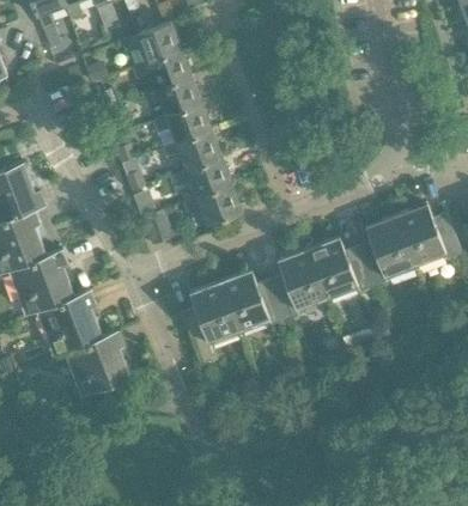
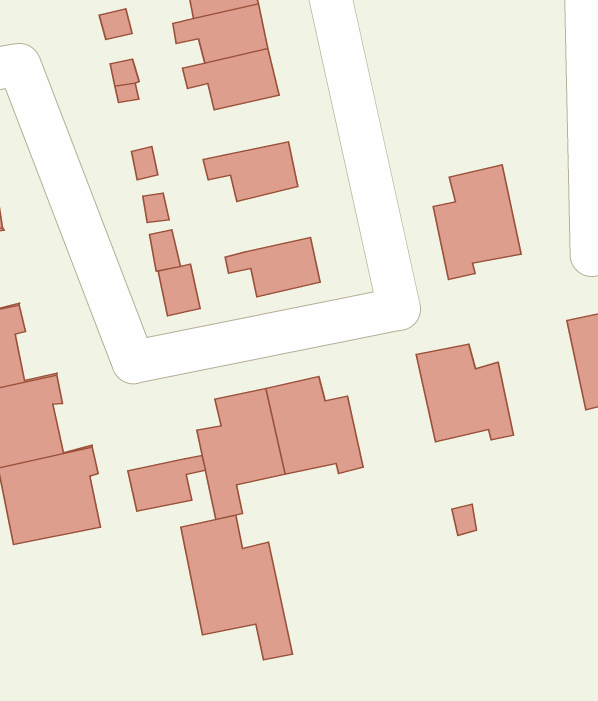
building: [153,102,213,142] -> none
building: [174,156,235,200] -> none
building: [359,214,417,288] -> [433,165,521,280]
building: [271,248,328,321] -> none
building: none -> [128,455,205,511]
building: none -> [181,515,292,660]

